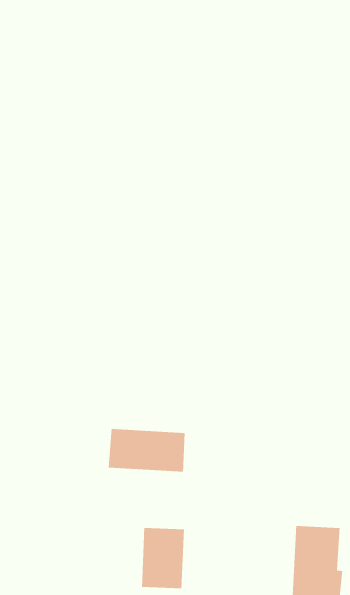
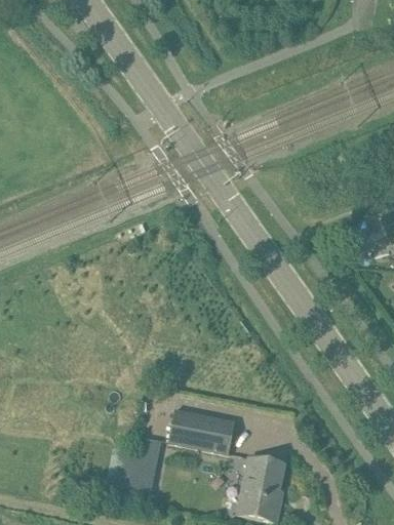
building: [108,428,185,472] -> [167,409,234,453]

